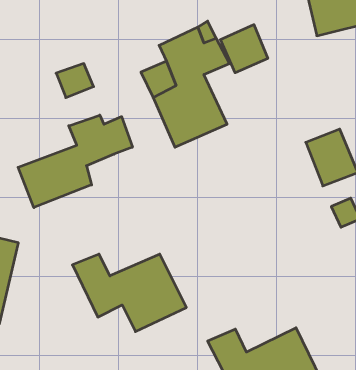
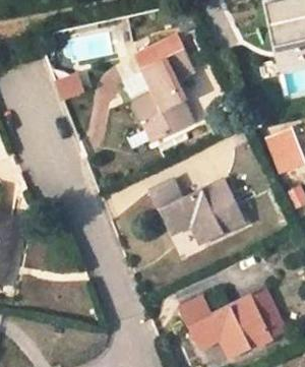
building: [220,25,268,73] -> none
building: [18,115,132,208] -> none
building: [72,254,186,332] -> [152,179,248,244]

